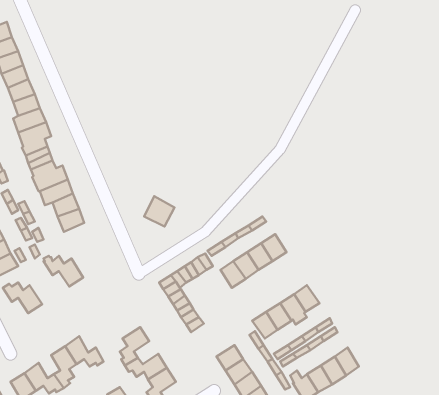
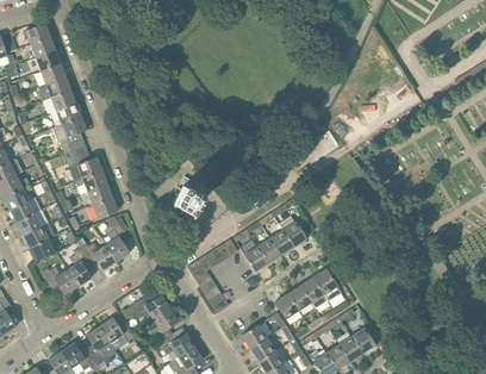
building: none -> [105,216,129,261]
building: none -> [64,245,91,286]
building: none -> [124,294,169,318]

